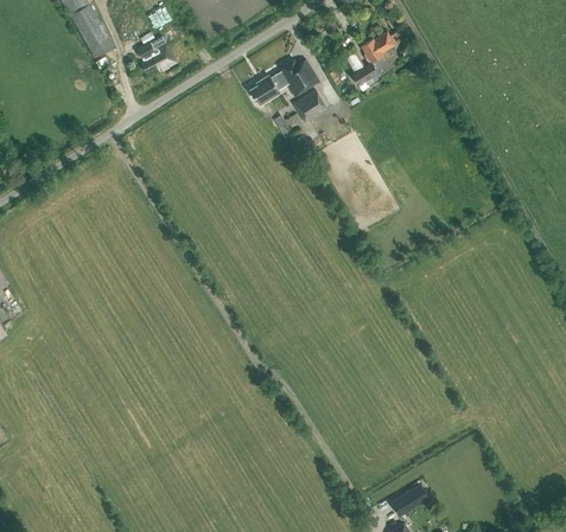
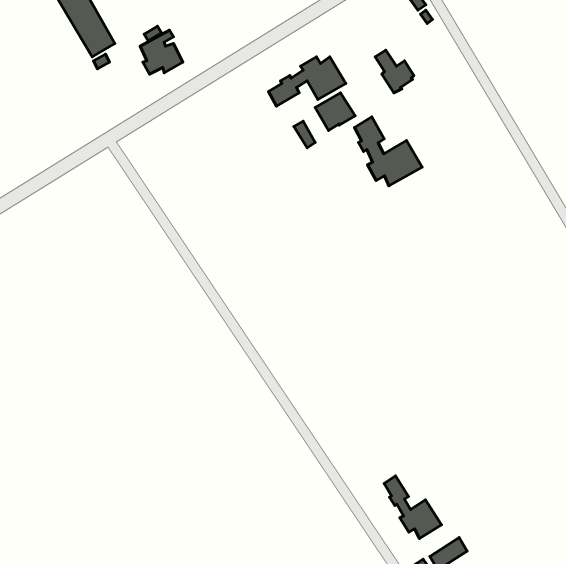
building: [361,31,394,75] -> none
building: none -> [354,117,422,186]
building: none -> [384,476,442,538]

